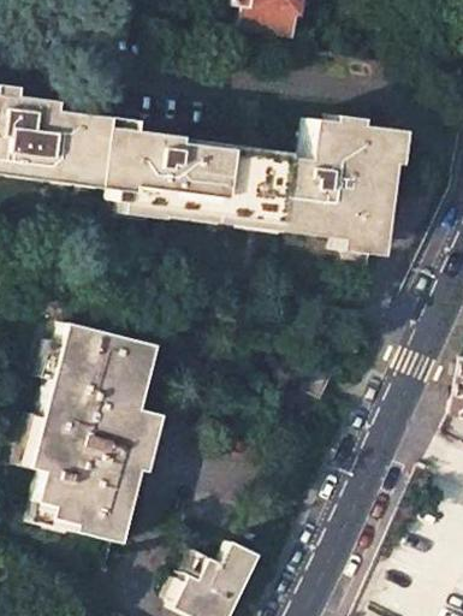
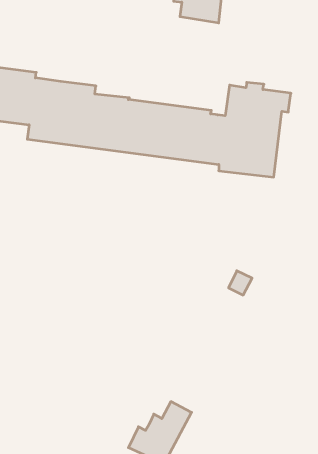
building: [34,325,156,546] -> none

